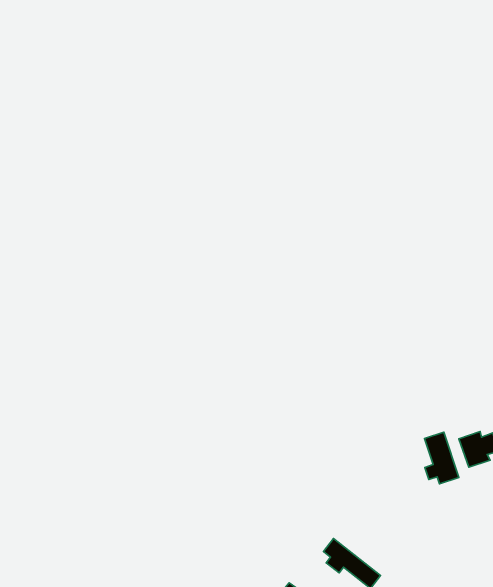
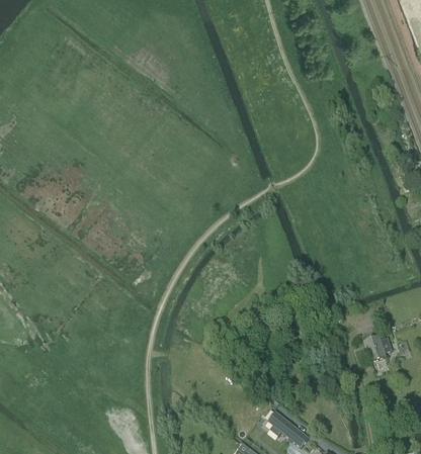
building: [425,432,459,484] -> none

